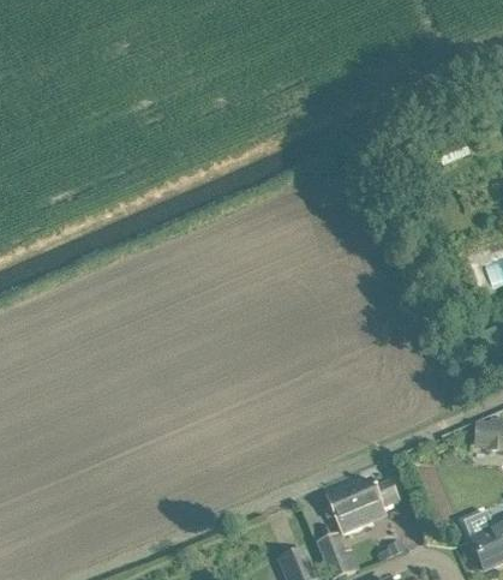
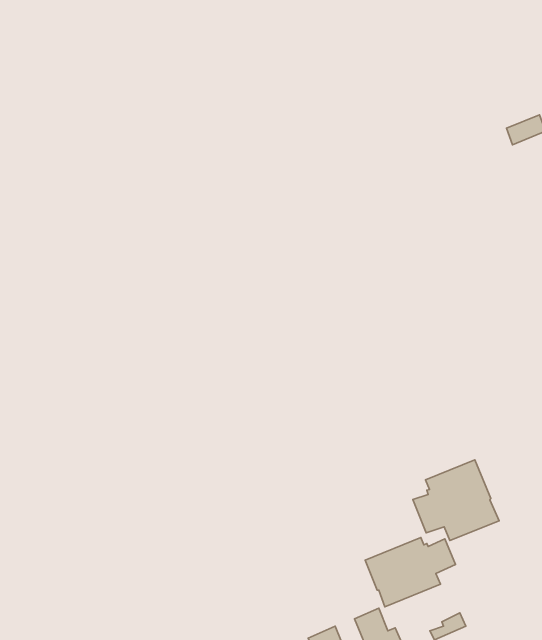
building: none -> [413,460,499,541]

